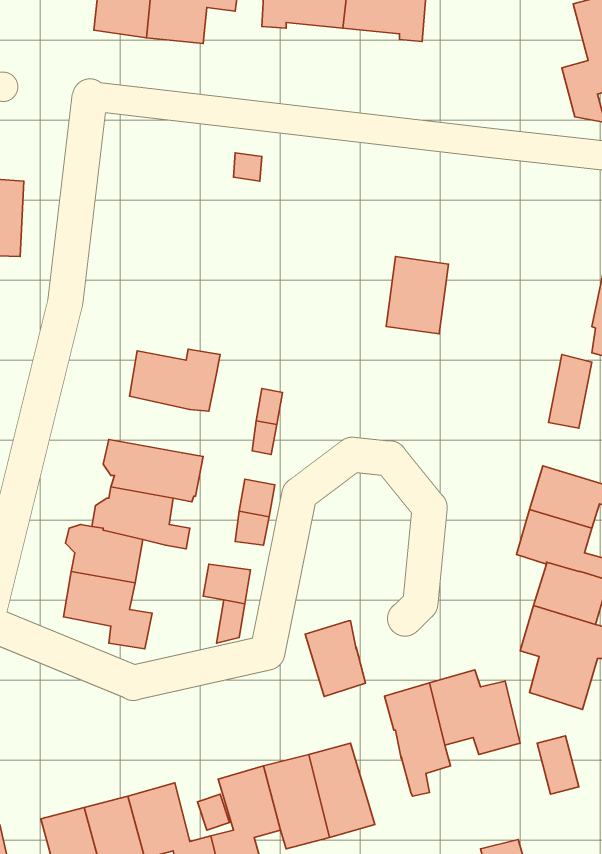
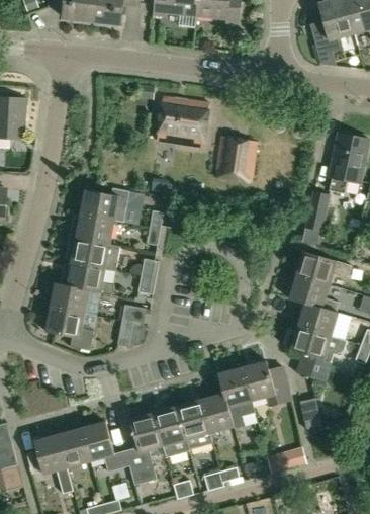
building: none -> [157,96,209,148]
building: none -> [71,213,114,244]
building: [305,621,366,696] -> [200,393,233,433]

